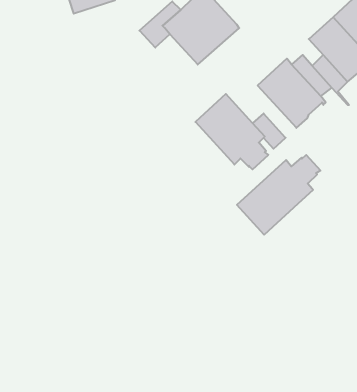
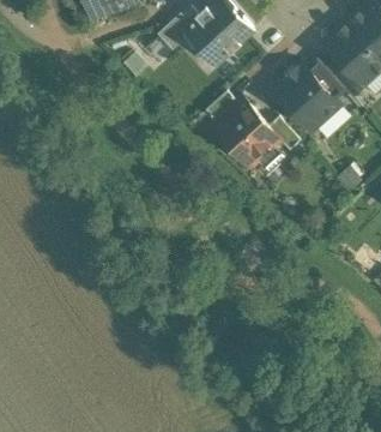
building: [237,155,320,235] -> none

